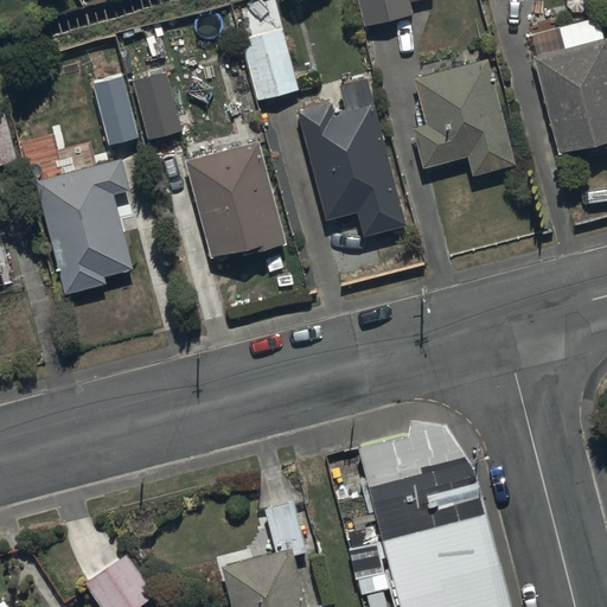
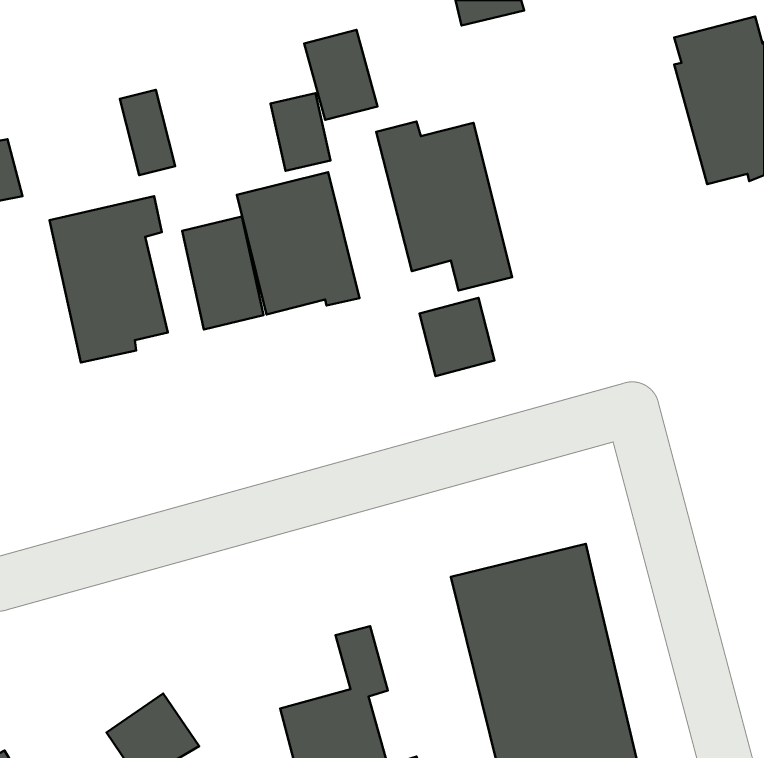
building: [414,62,513,174] -> none
building: [134,79,181,141] -> [270,93,330,171]
building: none -> [182,216,264,330]
building: none -> [420,298,494,376]

